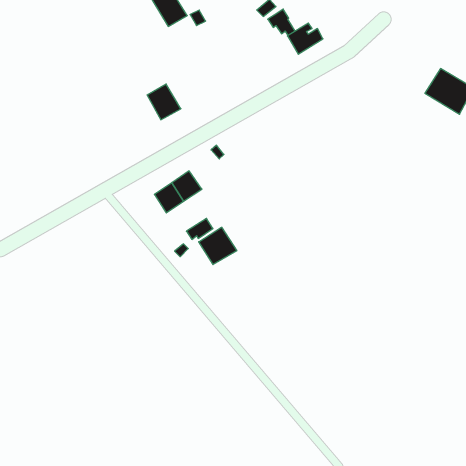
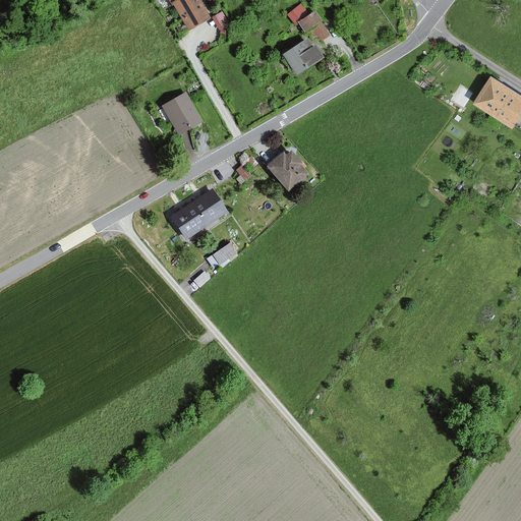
building: [287,23,323,54] -> [282,40,322,74]
building: none -> [267,149,308,191]
building: [199,227,237,265] -> none

